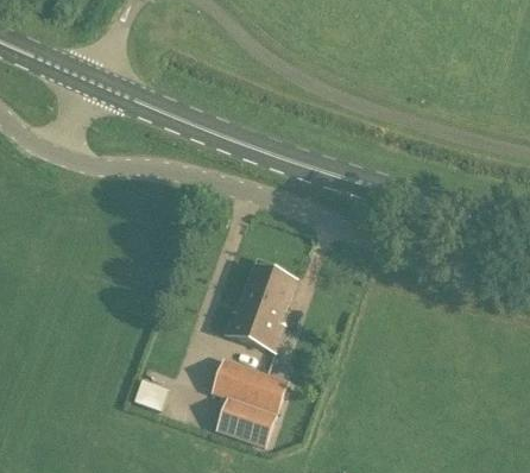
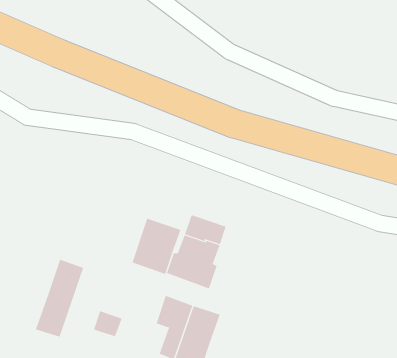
building: none -> [132,218,181,275]
building: none -> [35,259,84,338]

